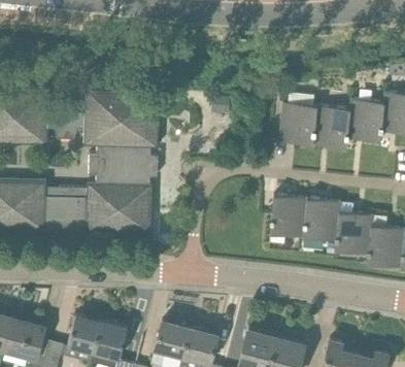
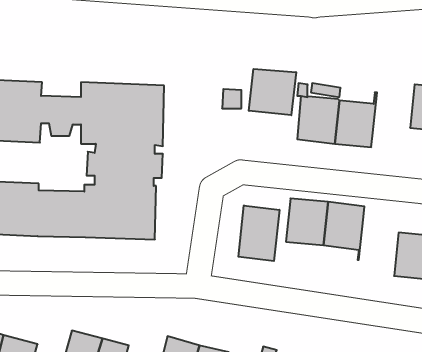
building: none -> [249,69,296,115]
building: [347,91,385,140] -> none
building: none -> [238,205,279,261]
building: [335,210,372,264] -> none

